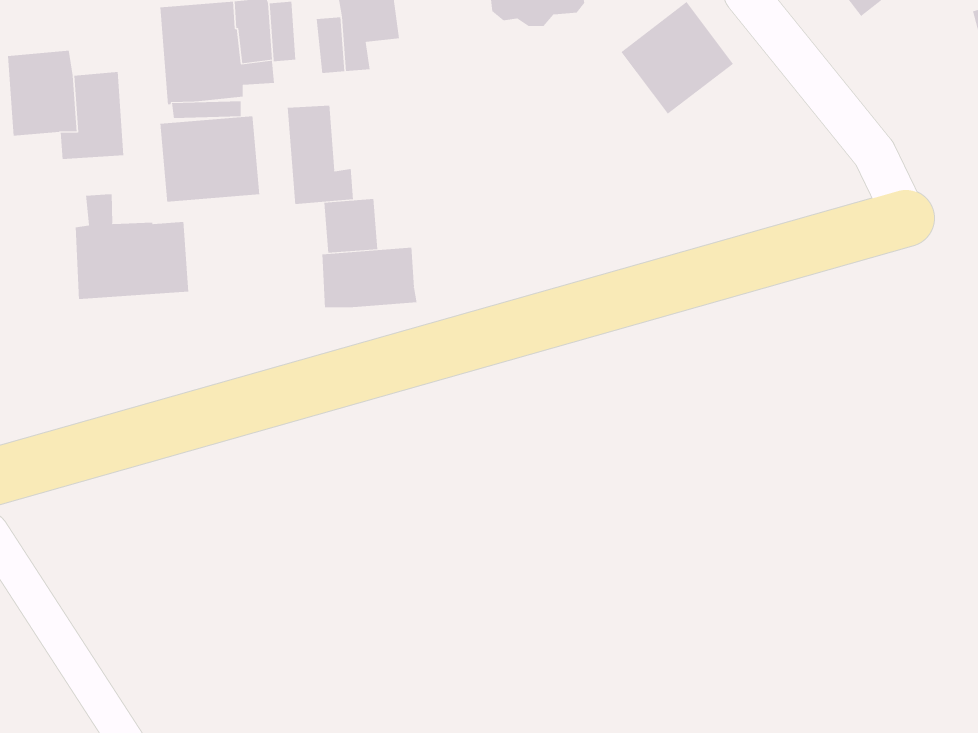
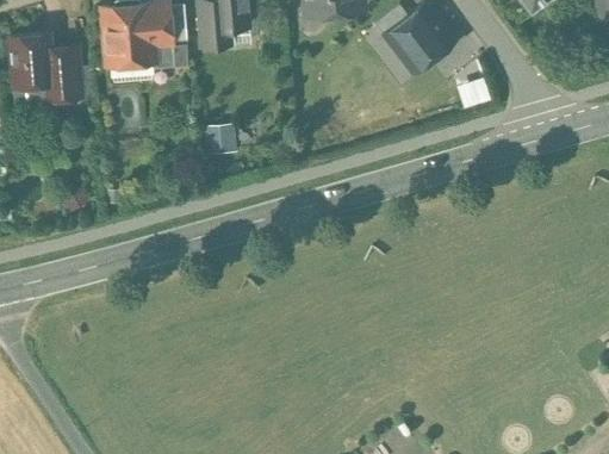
building: [287,105,354,205] -> none
building: [160,116,260,202] -> none
building: [75,193,189,300] -> none
building: [322,247,417,308] -> none

